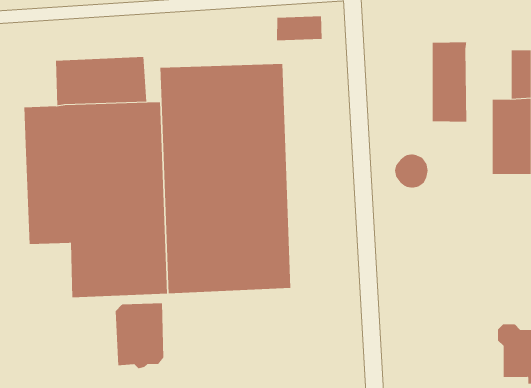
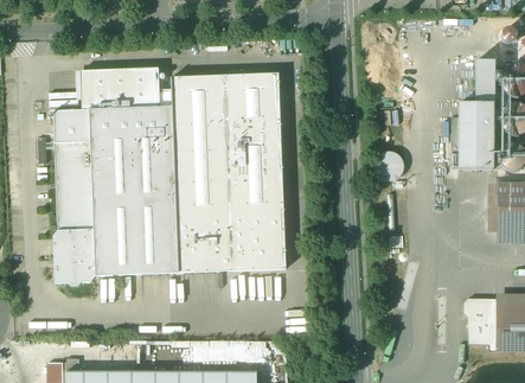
building: [277,15,322,41] -> none
building: [432,41,467,122] -> none
building: [115,303,164,369] -> [52,228,95,285]

